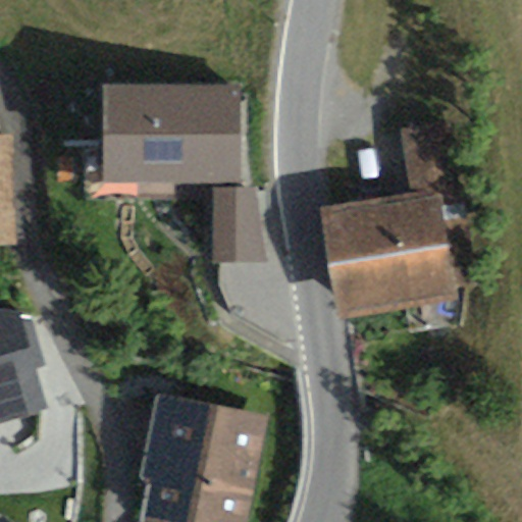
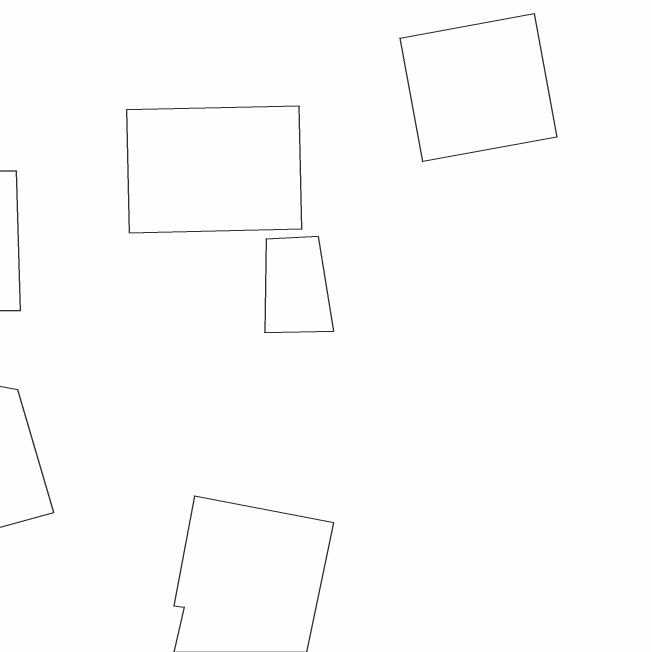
building: none -> [400,14,557,162]
building: [315,124,467,323] -> none

